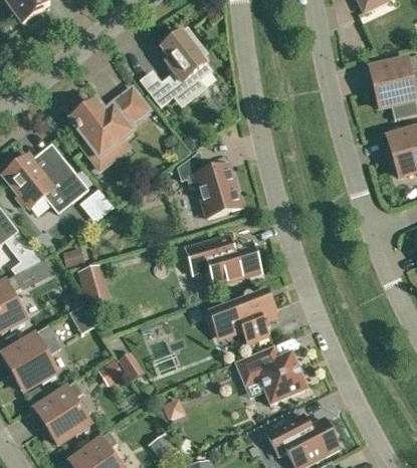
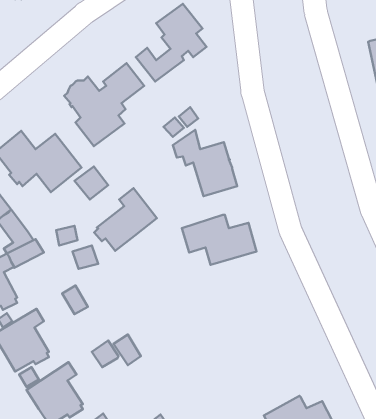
building: none -> [94,188,157,251]
building: [207,288,277,344] -> none
building: [234,344,307,404] -> none

